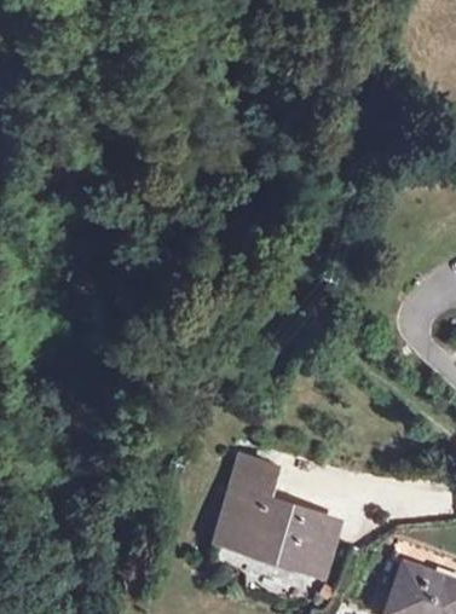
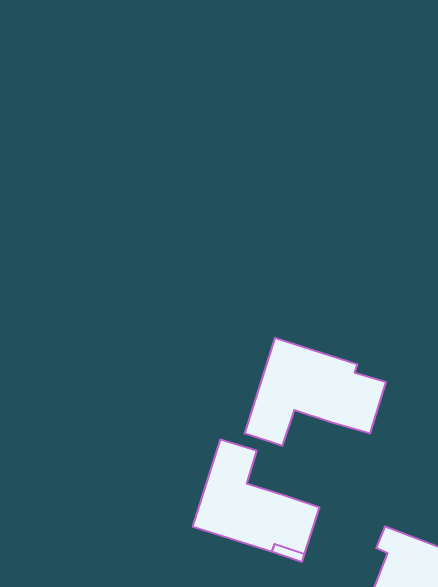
building: none -> [245,338,386,446]

